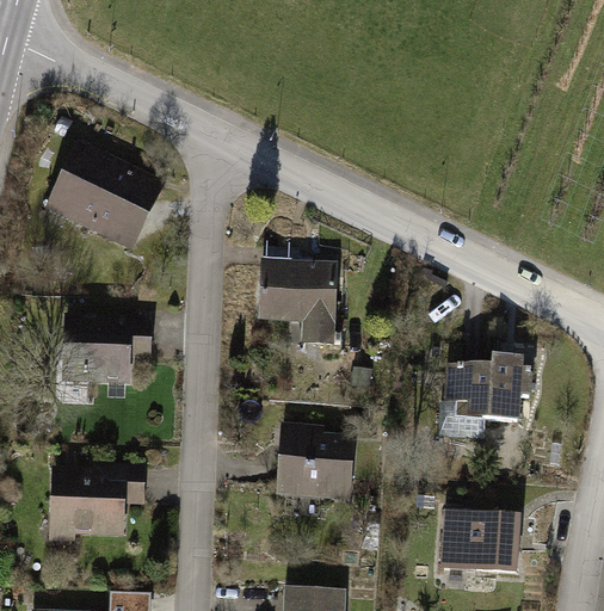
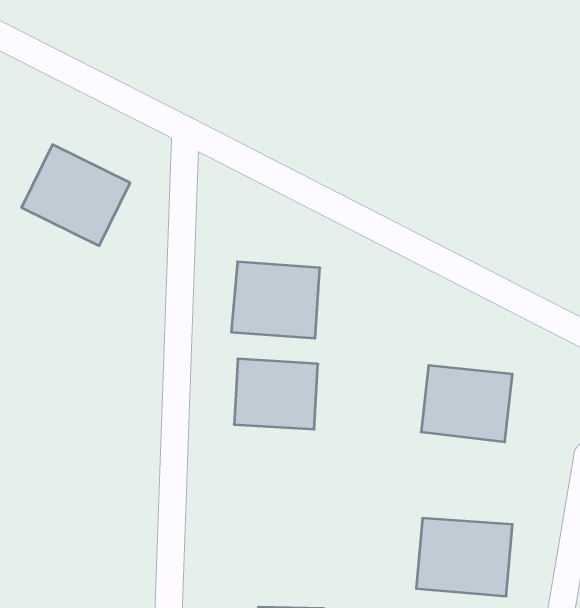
building: [62,310,132,388] -> none
building: [277,431,358,499] -> [234,359,318,429]
building: [53,467,140,533] -> none

